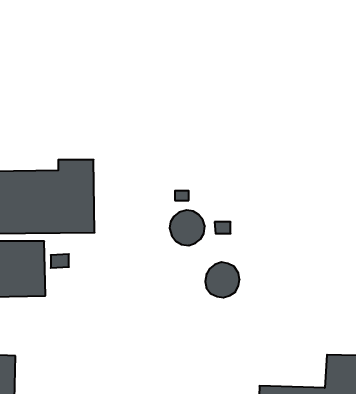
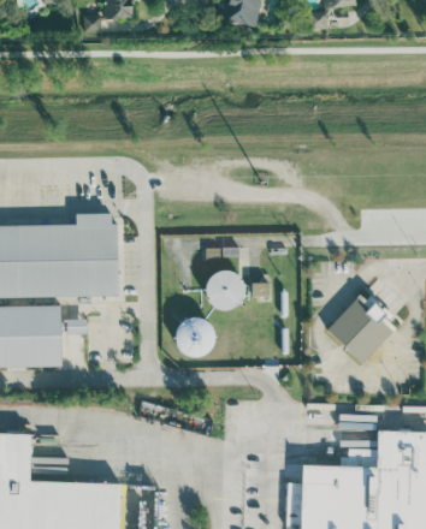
building: none -> [326,293,395,362]
building: [205,262,240,298] -> [176,316,214,356]

